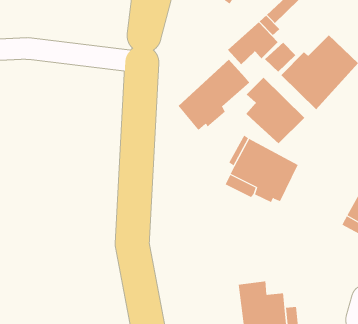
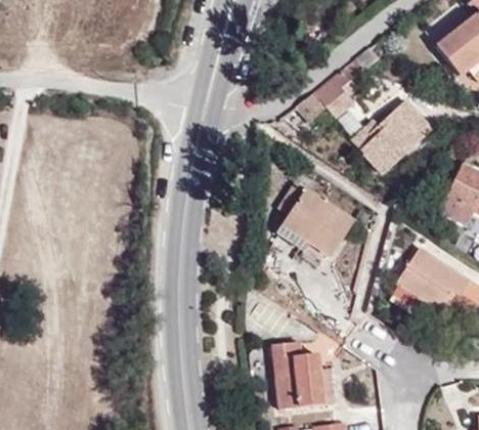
building: [178,59,250,131] -> none
building: [245,77,305,144] -> none

